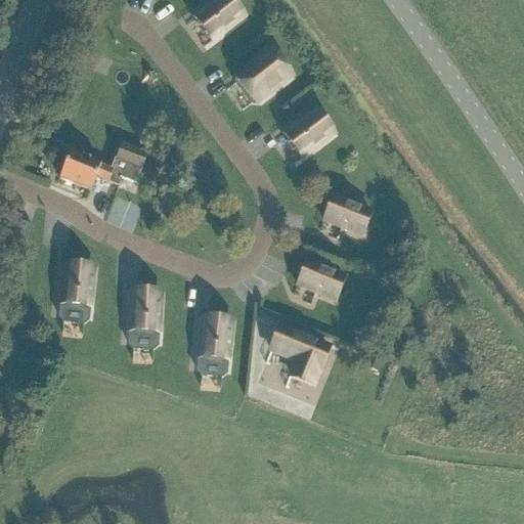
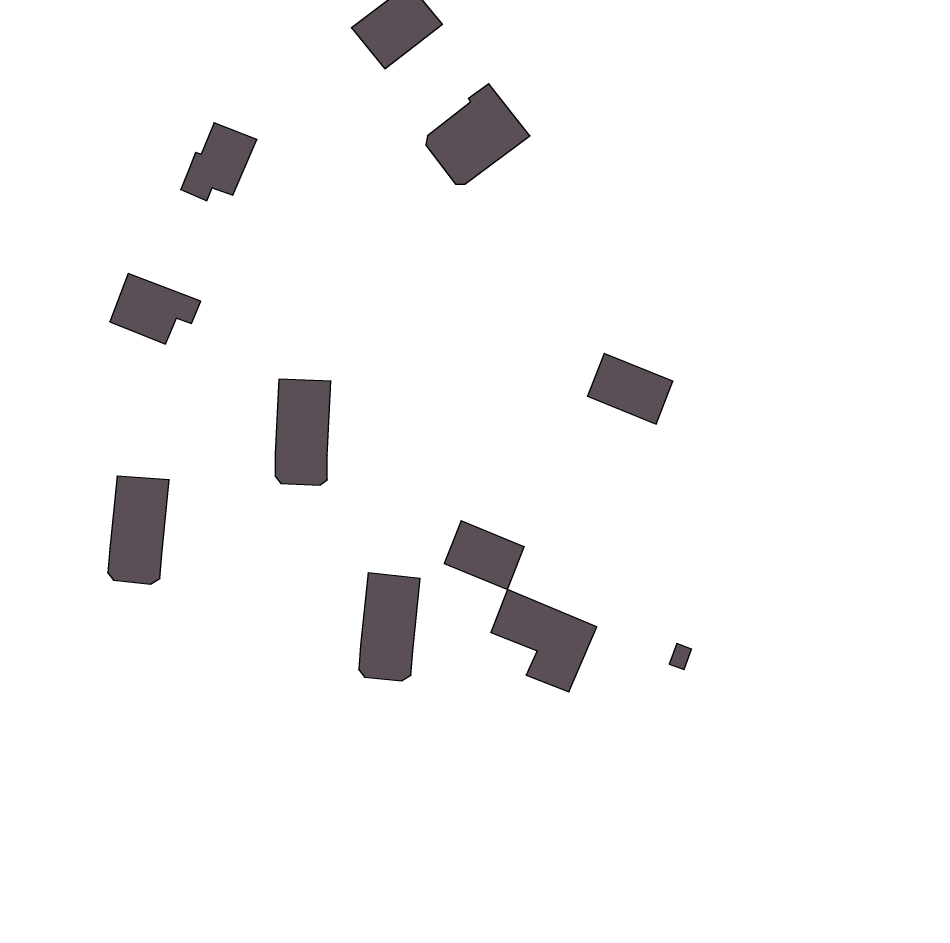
building: [283,107,333,156] -> none
building: [105,141,147,184] -> [181,123,257,201]
building: [297,259,341,297] -> [444,521,524,590]
building: [129,289,160,347] -> [275,379,331,485]

